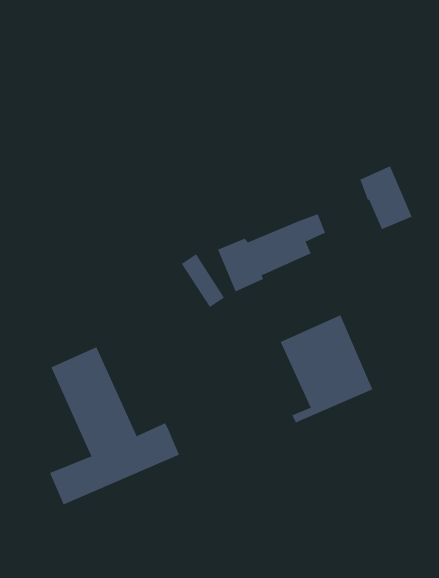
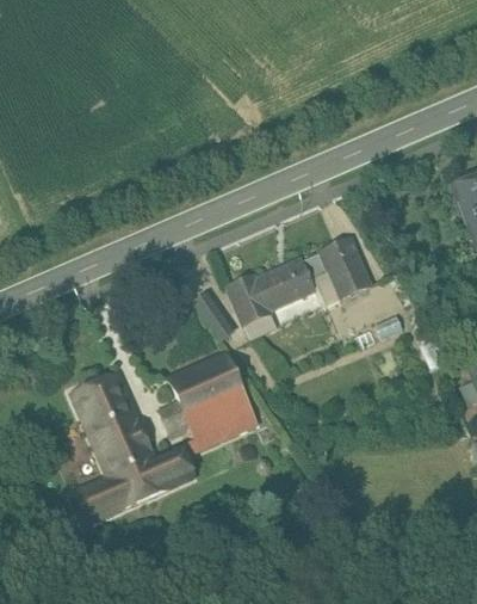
building: [360,165,413,230] -> [321,238,370,297]
building: [280,315,373,423] -> [169,352,255,452]

